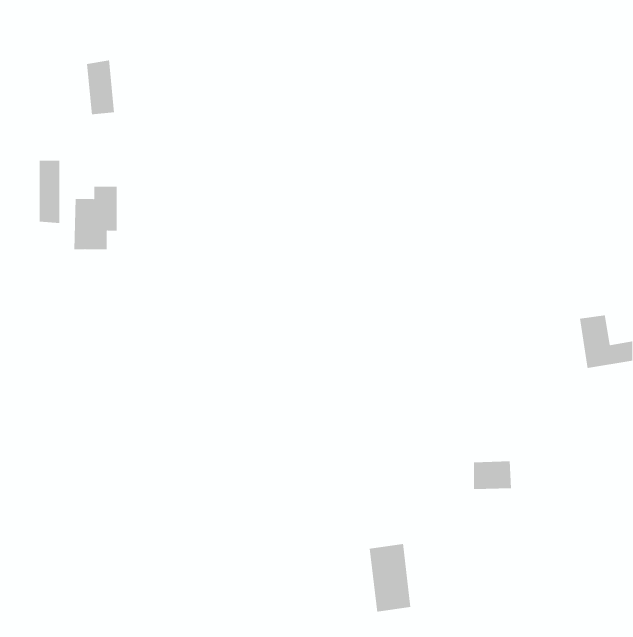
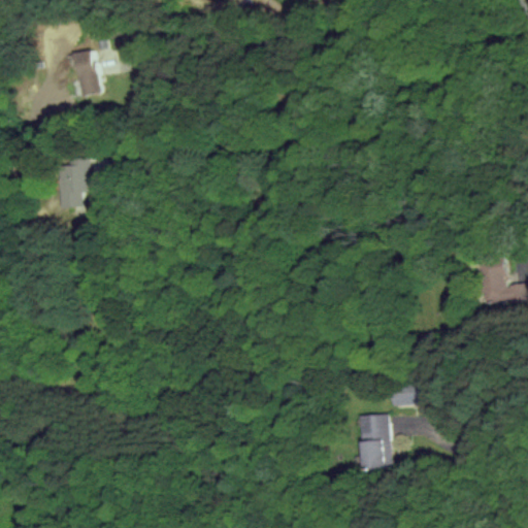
building: [39,160,60,224] -> none
building: [369,543,411,612] -> [357,414,392,470]

